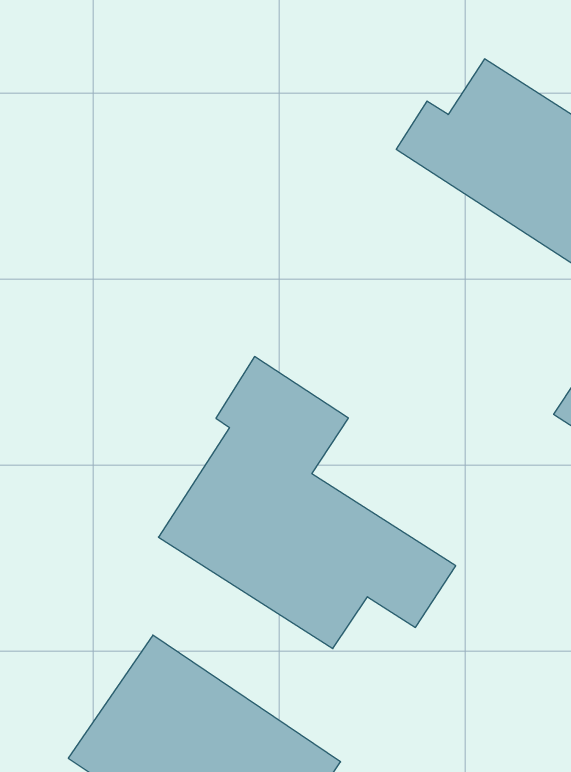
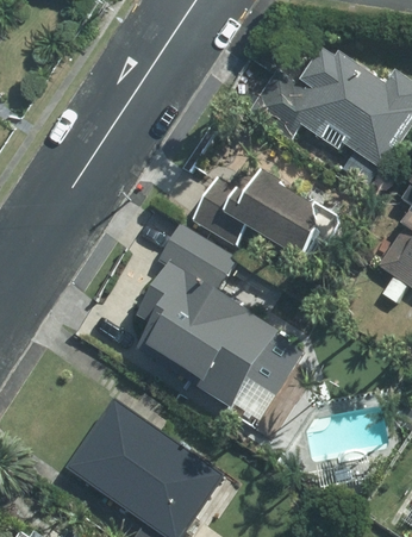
building: none -> [192,177,313,264]

